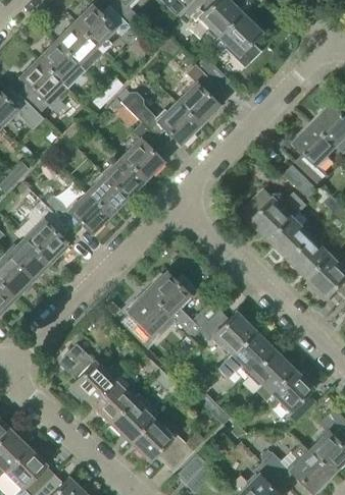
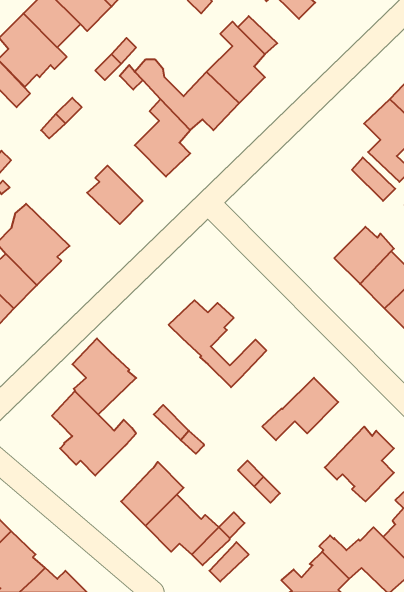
building: [100,158,144,200] -> none
building: [242,188,307,242] -> none
building: [43,194,109,235] -> none
building: [128,292,176,349] -> [72,338,136,415]
building: [199,312,255,355] -> none
building: [250,350,293,399] -> none
building: [91,383,135,425] -> none

